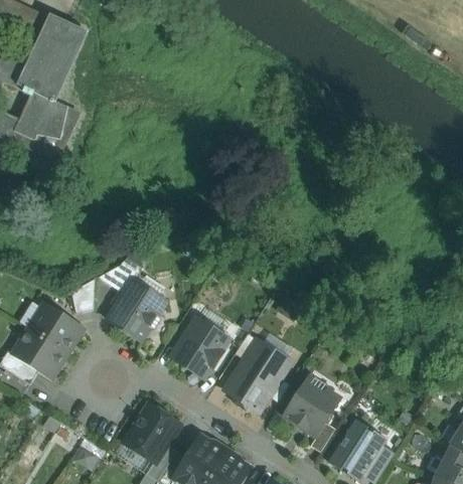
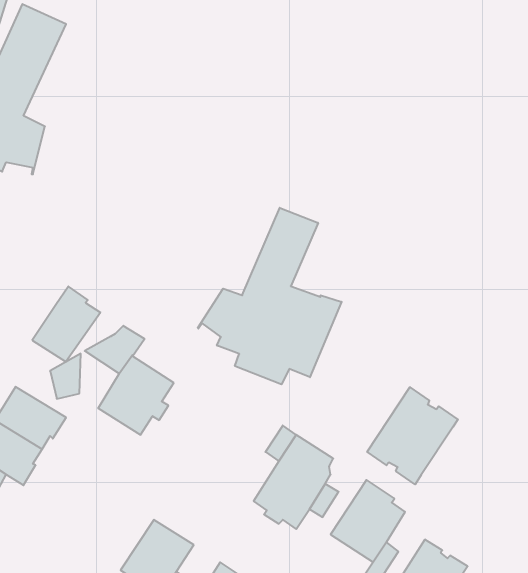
building: none -> [198,208,342,384]
building: none -> [32,286,100,362]
building: none -> [367,387,458,484]
building: [173,319,227,376] -> none

